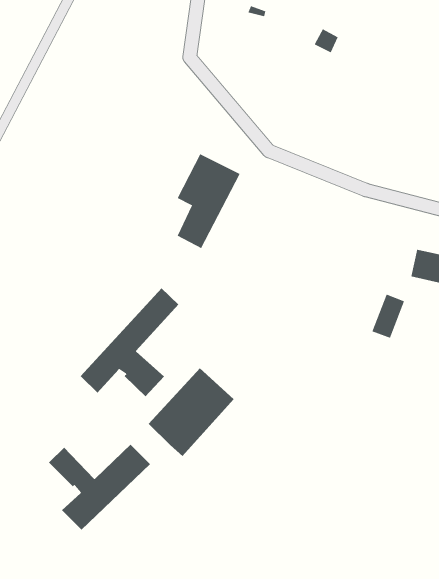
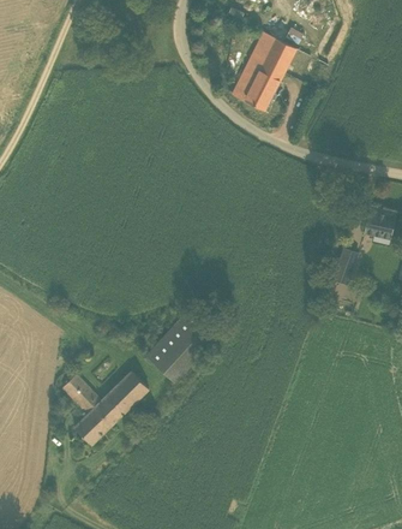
building: [177,154,240,249] -> [244,32,296,112]
building: [80,287,179,397] -> none

